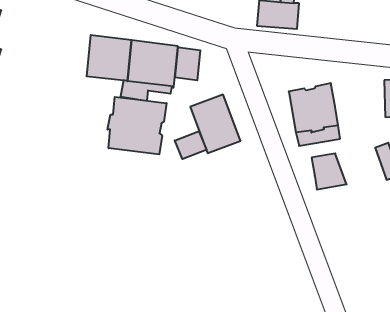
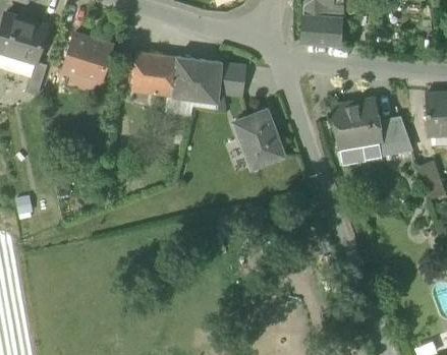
building: none -> [62,35,112,90]
building: [108,97,167,154] -> none
building: [175,131,206,159] -> none
building: [312,153,347,189] -> [378,118,412,154]

